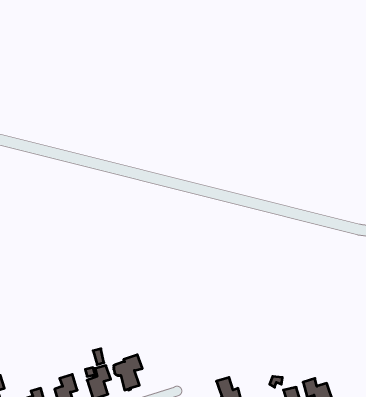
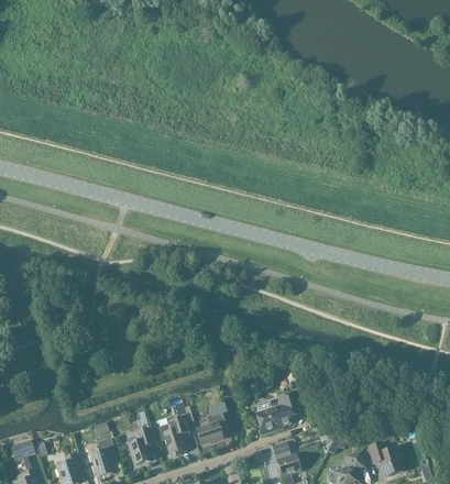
building: none -> [256,392,303,433]
building: none -> [196,411,227,444]

